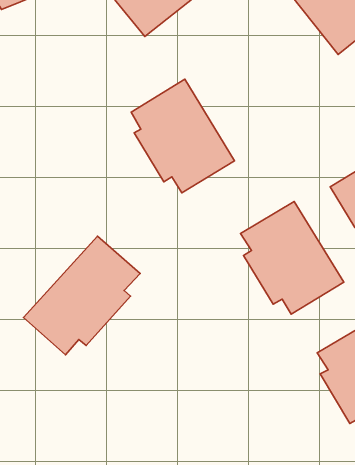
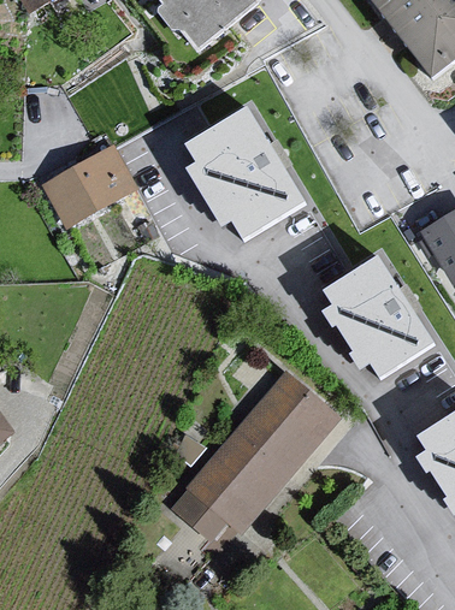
building: none -> [42,138,146,231]
building: [24,236,140,355] -> none
building: none -> [164,377,341,555]

